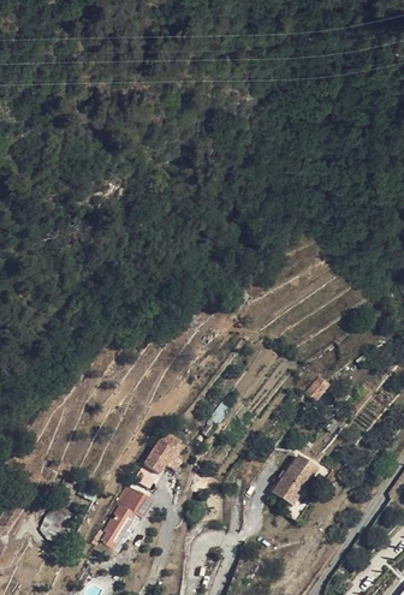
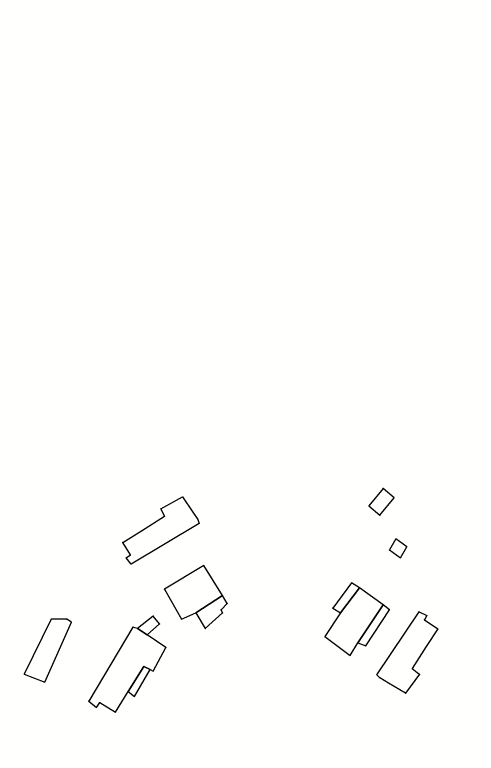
building: none -> [123,497,199,564]
building: none -> [377,612,438,693]

